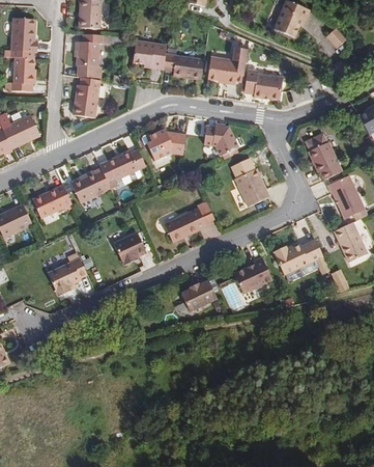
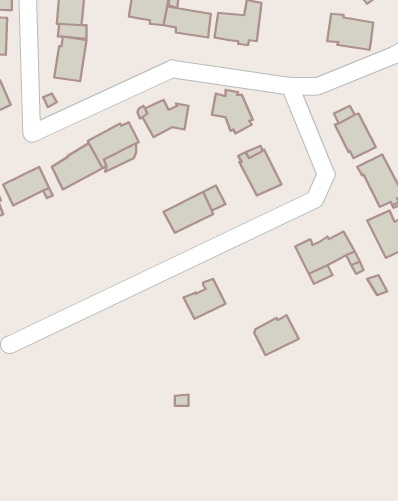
building: [243,68,282,99] -> [327,14,373,50]
building: [114,231,147,265] -> none
building: [49,251,87,295] -> none
building: [235,258,272,292] -> [254,315,299,355]

